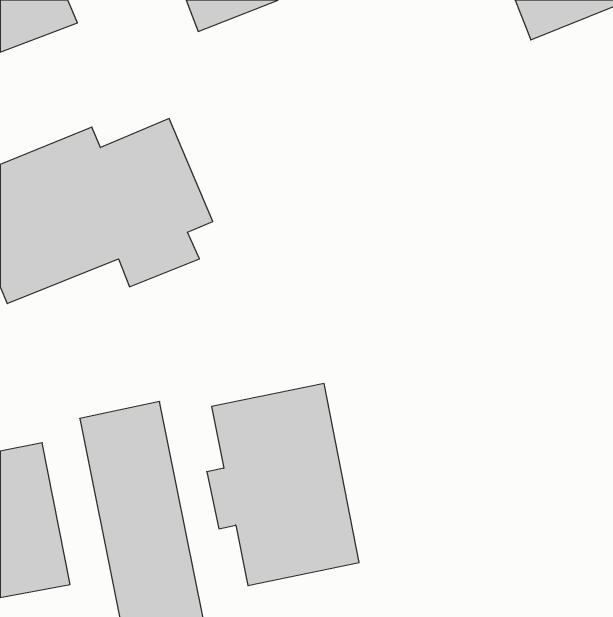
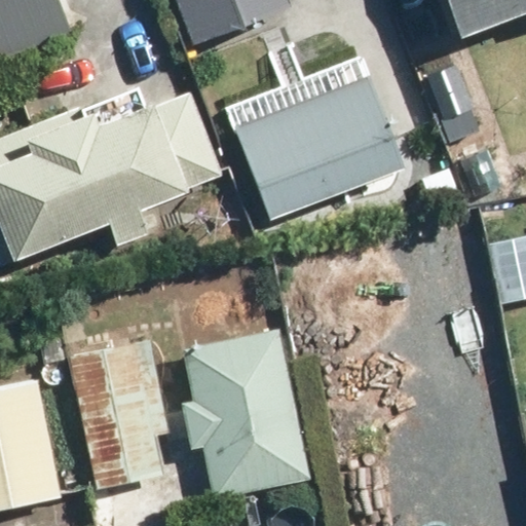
building: none -> [221,61,397,224]

